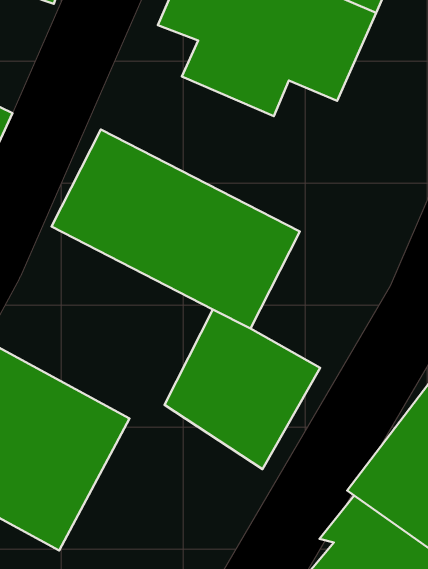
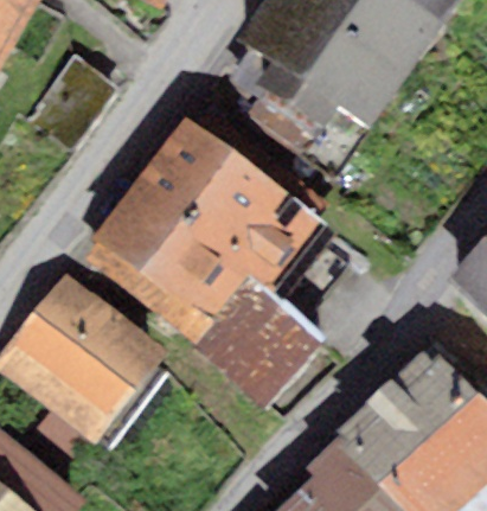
building: none -> [88,187,248,344]

